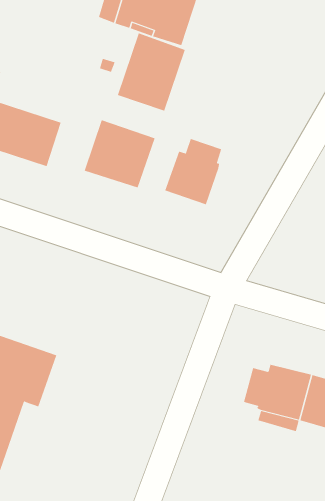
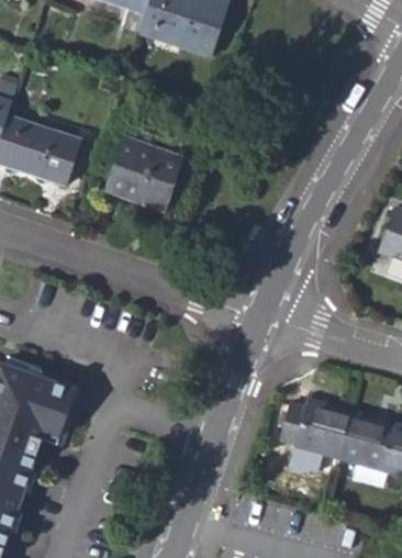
building: [117,32,185,112] -> none
building: [164,138,222,205] -> none

